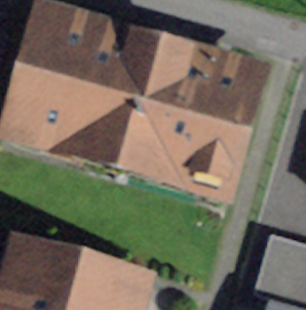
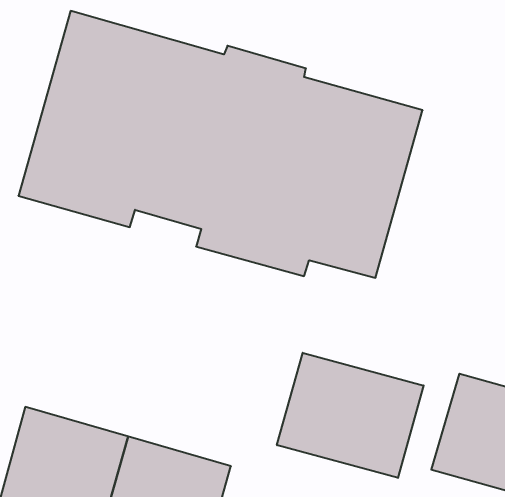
building: none -> [277,353,424,478]

